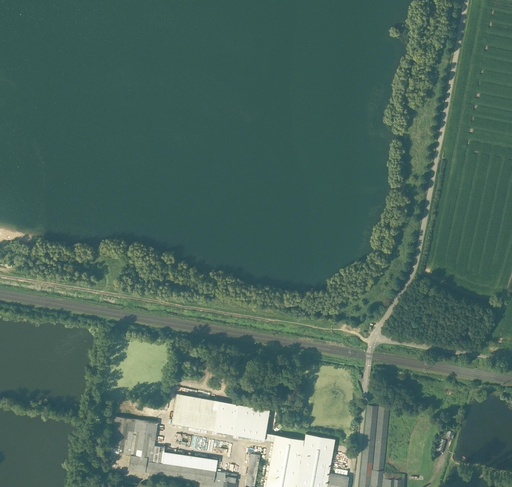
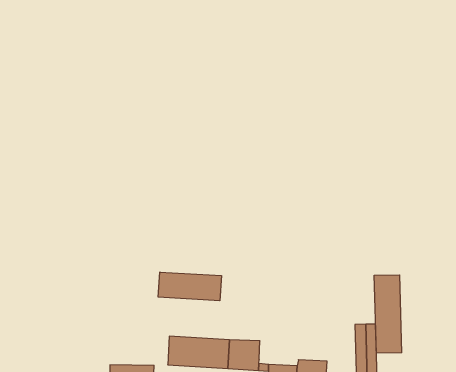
building: none -> [158,272,221,301]
building: none -> [374,275,402,353]

